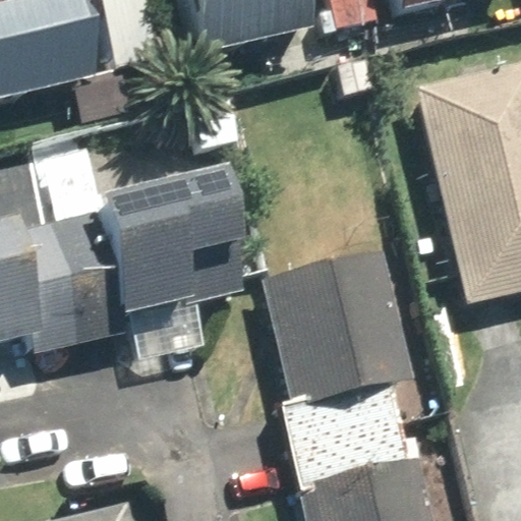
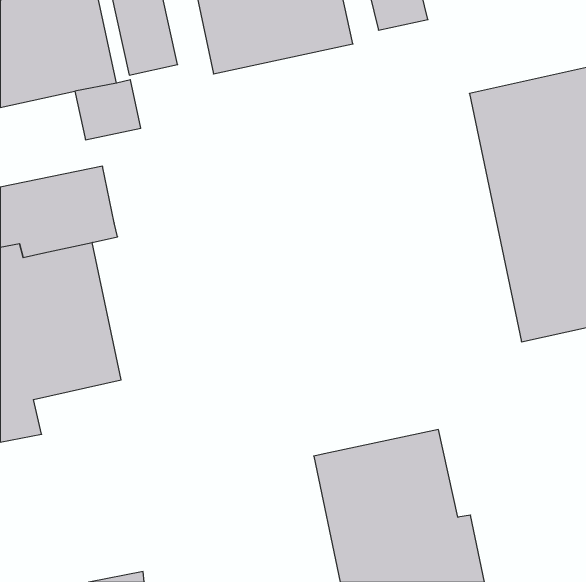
building: [104,169,246,311] -> none
building: [262,248,411,400] -> none

